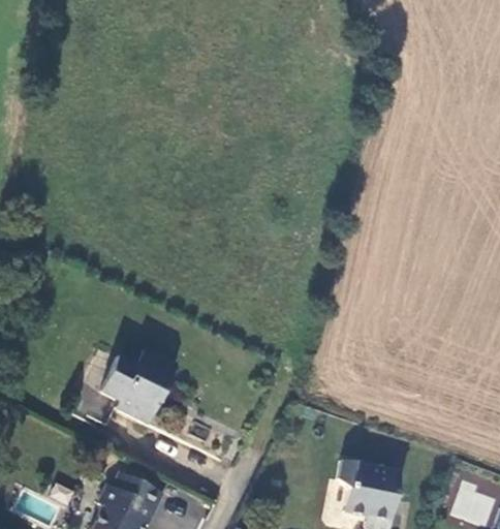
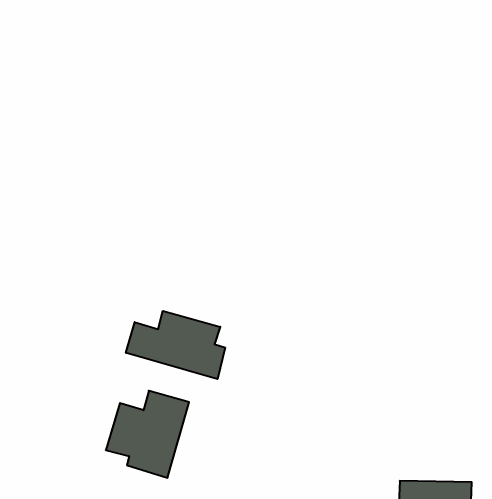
building: none -> [126,311,225,379]

